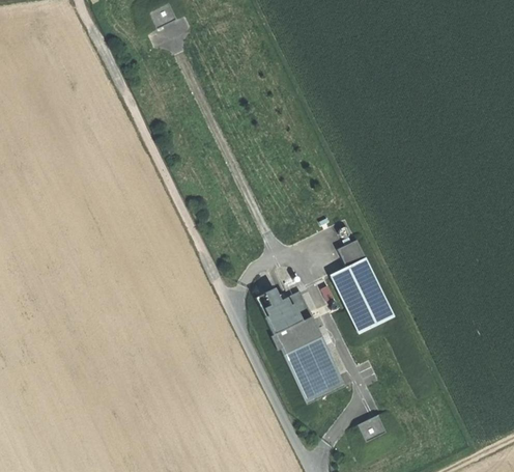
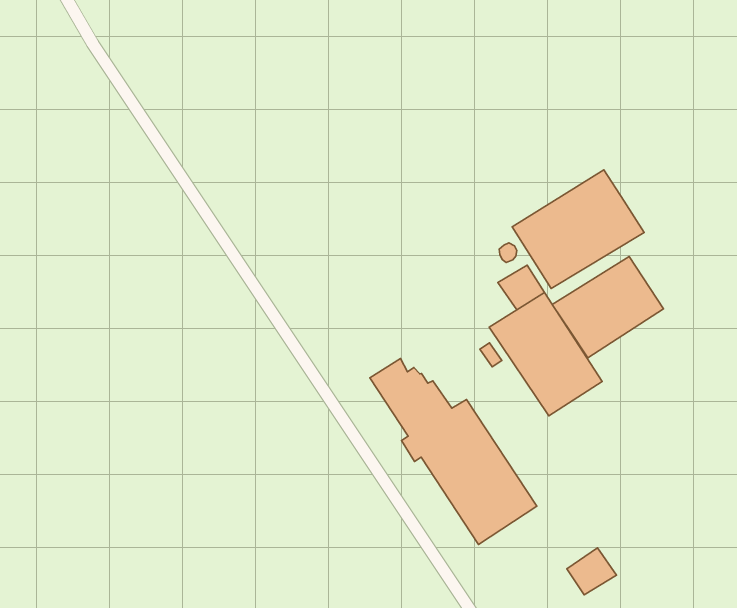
building: none -> [512,170,644,288]
building: none -> [552,257,663,358]

